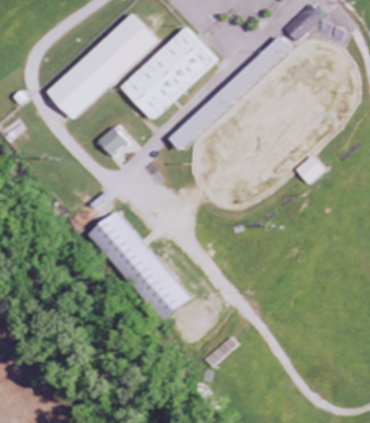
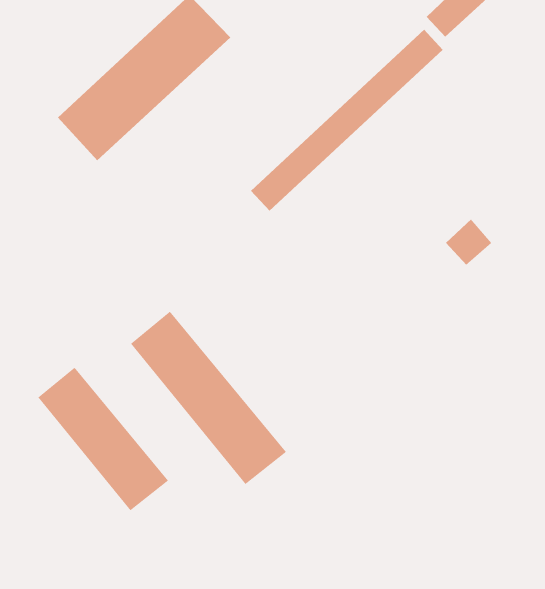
building: [118,27,214,121] -> none
building: [97,127,127,155] -> none
building: none -> [38,367,169,511]

